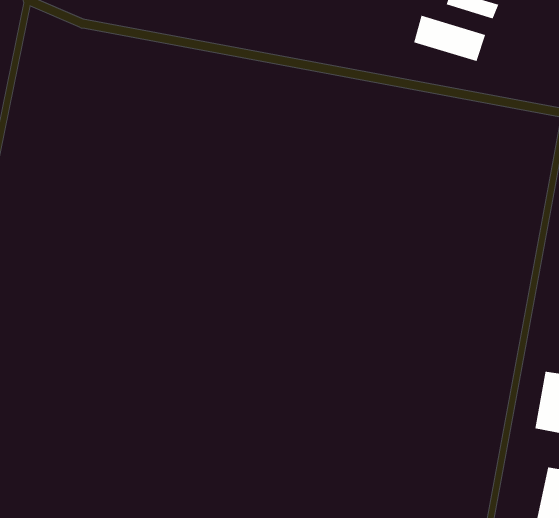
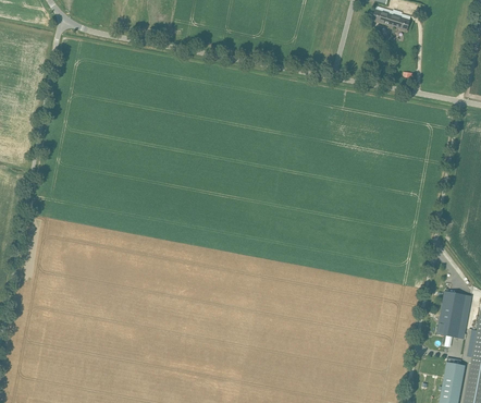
building: [413,15,486,62] -> none

